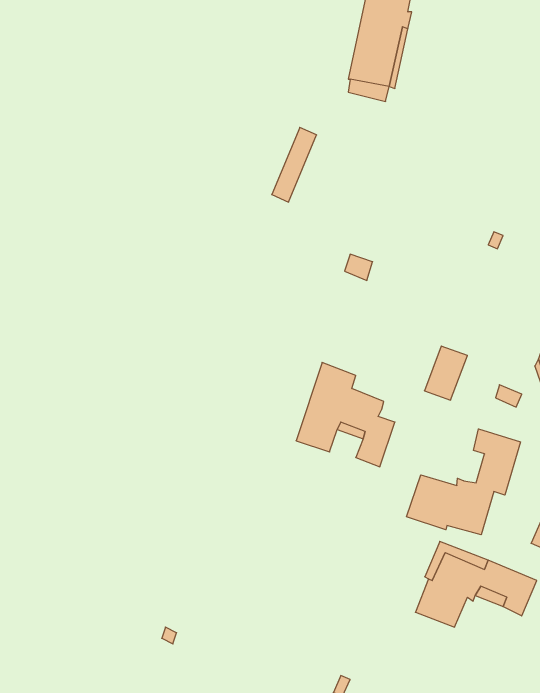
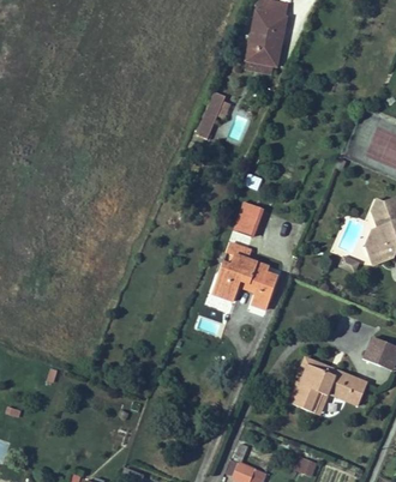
building: [424,346,467,400] -> [234,201,262,236]
building: [407,429,521,535] -> none

